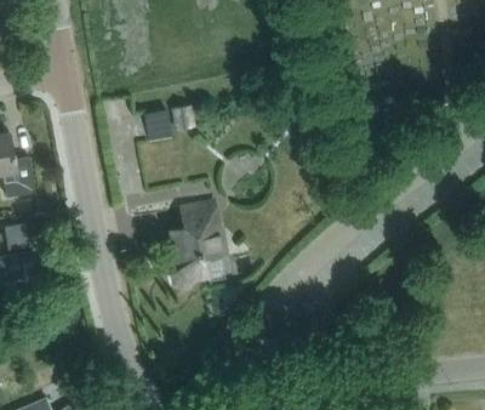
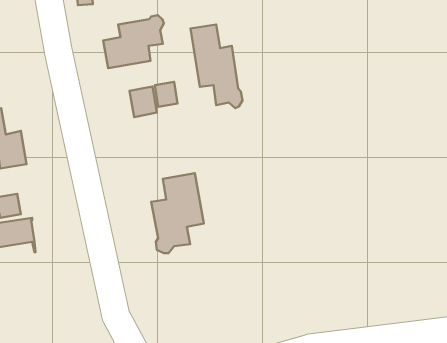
building: none -> [103,15,164,68]
building: none -> [191,24,243,108]

